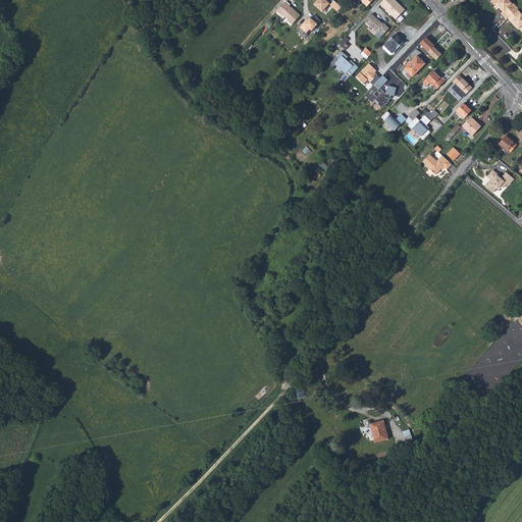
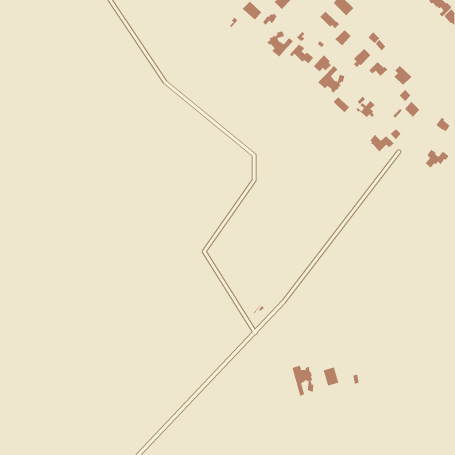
building: none -> [266,31,294,58]
building: none -> [292,365,314,396]

